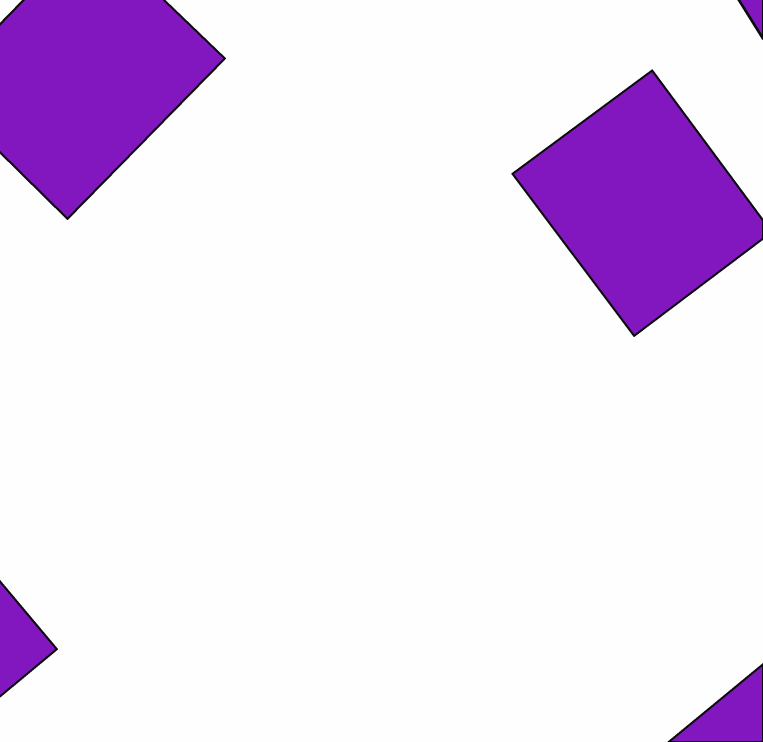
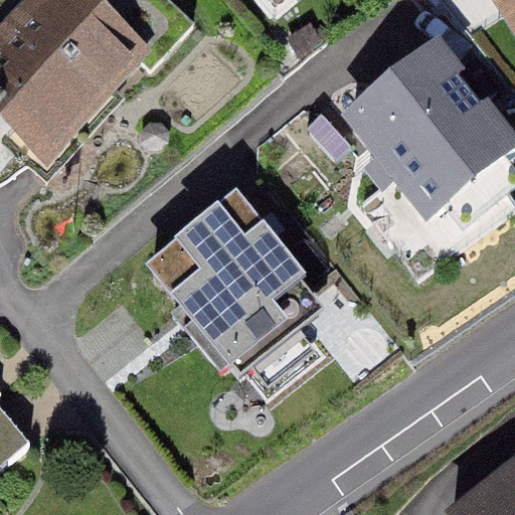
building: none -> [144,201,324,383]

